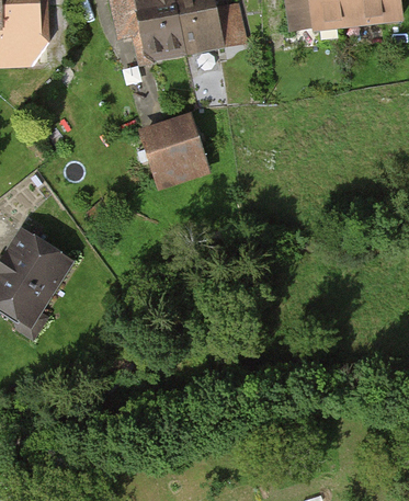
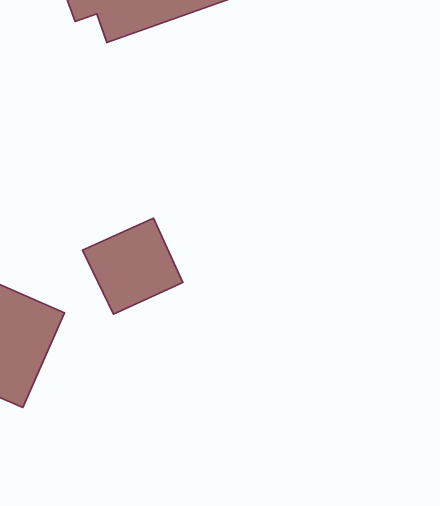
building: [136,117,209,186] -> [82,218,183,314]

